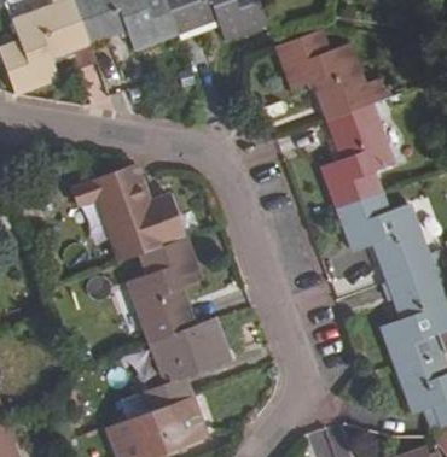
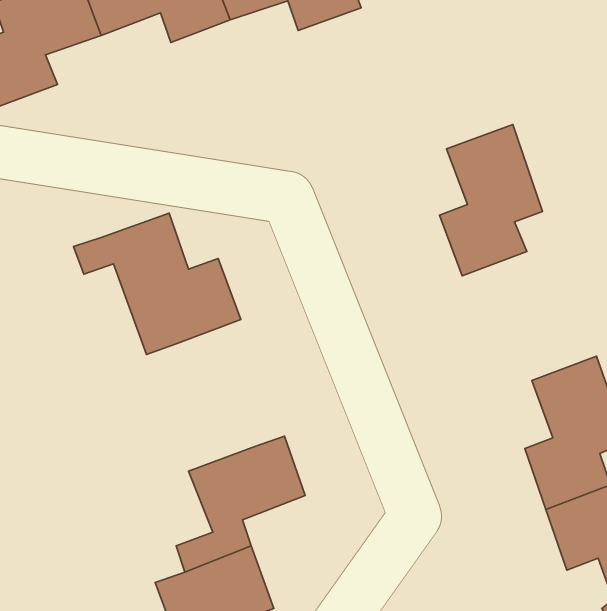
building: [277,29,391,119] -> none
building: [337,191,430,280] -> none
building: [126,238,199,342] -> none

